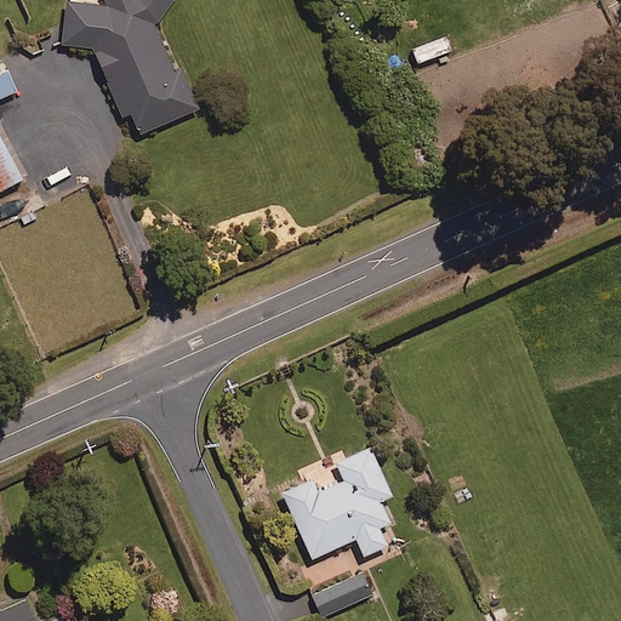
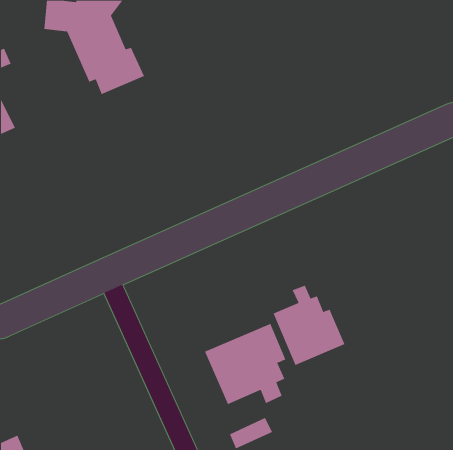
building: none -> [273,285,345,366]

